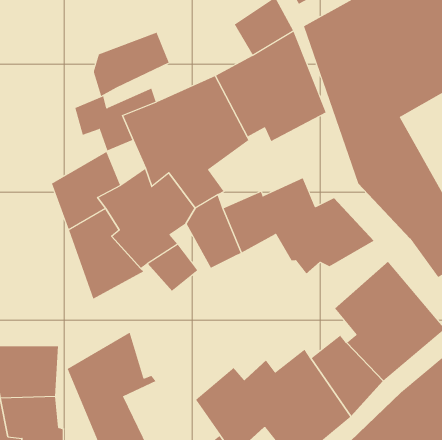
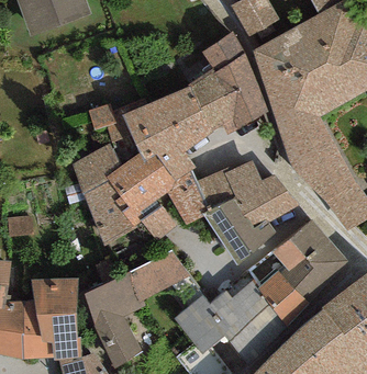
building: [93,32,170,97] -> none
building: none -> [203,200,276,267]
building: none -> [129,250,191,302]

